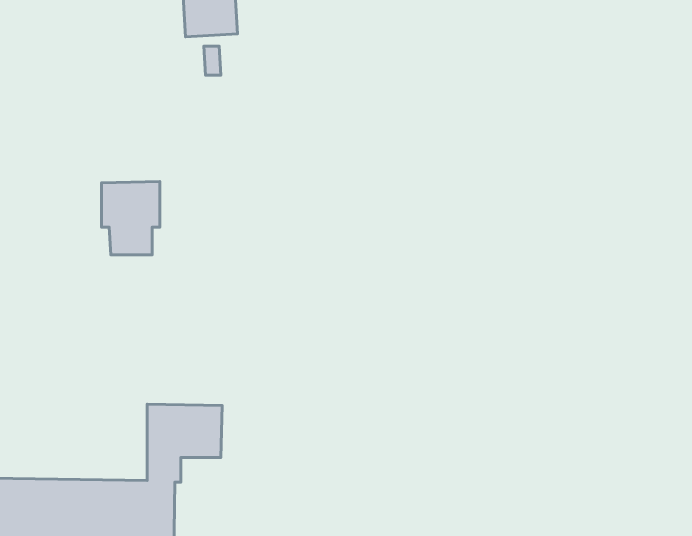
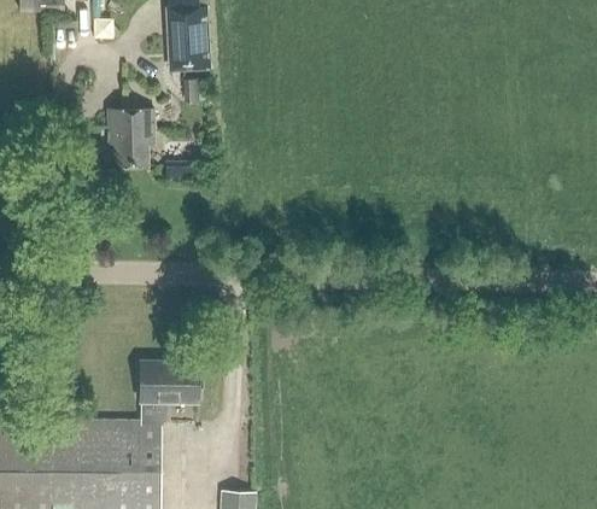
building: [102,181,160,255] -> [107,110,153,168]

